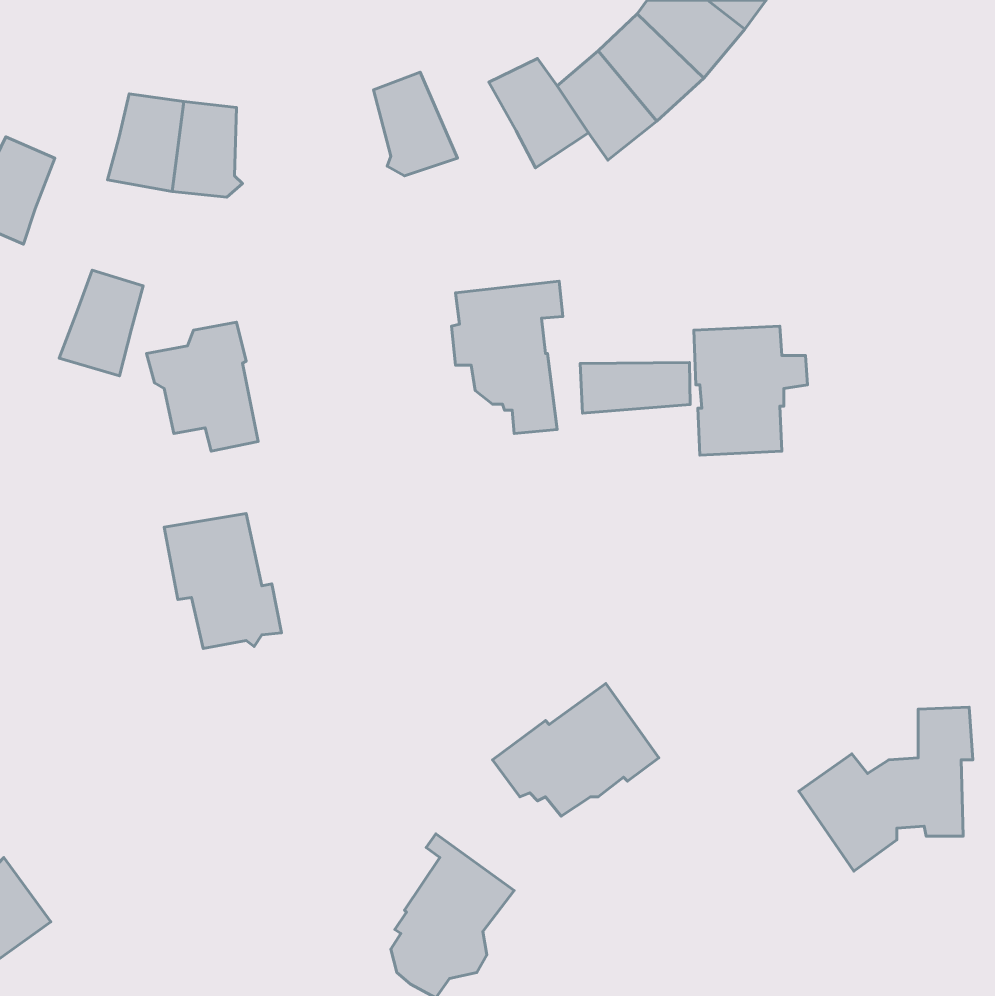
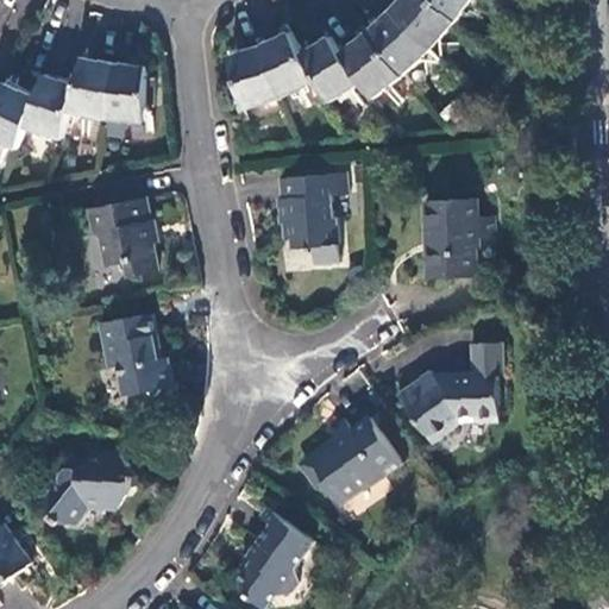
building: none -> [256,32,314,98]
building: [59,270,143,376] -> [21,75,73,139]
building: [580,362,690,413] -> none
building: [799,707,973,871] -> [396,343,502,442]
building: none -> [45,452,137,526]

